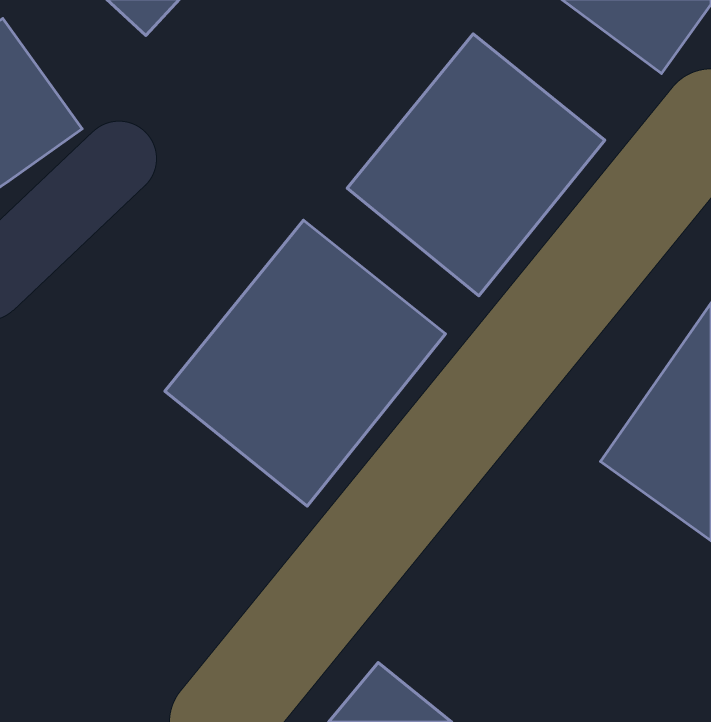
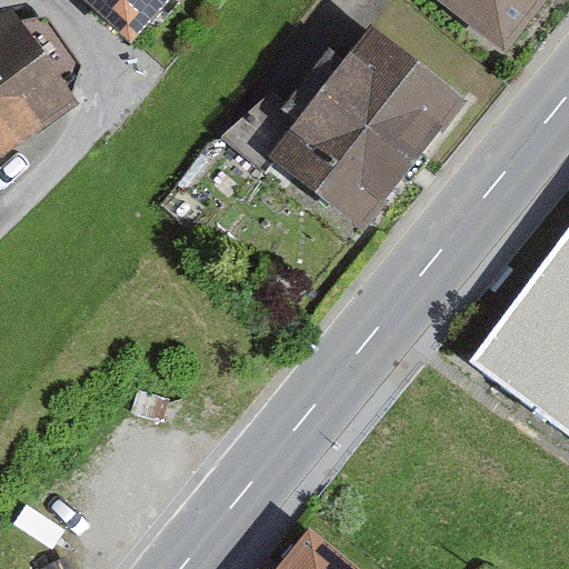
building: [165,220,446,506] -> none

